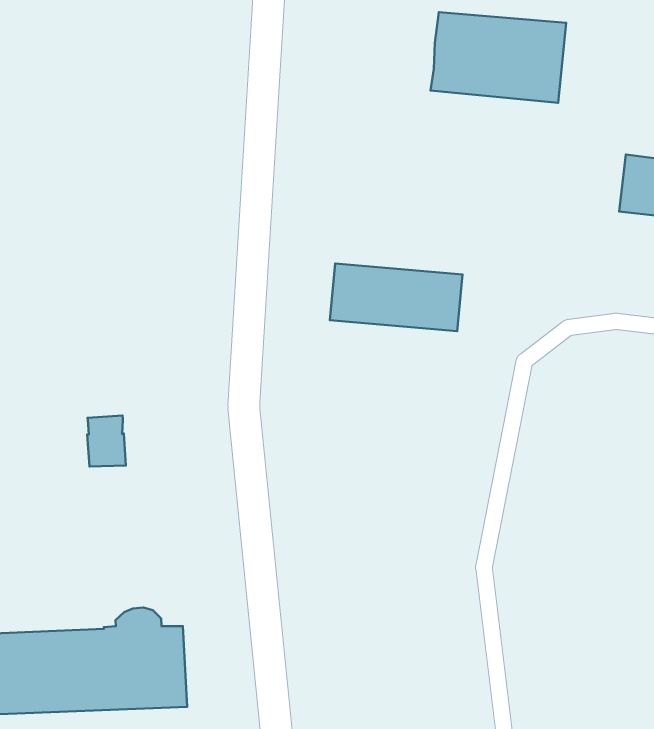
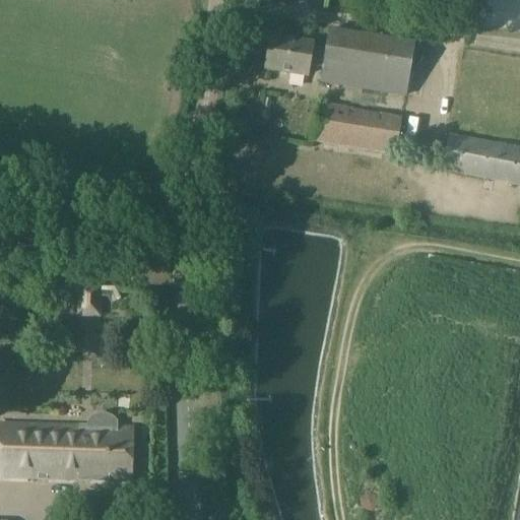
building: none -> [267,36,327,74]
building: [330,264,462,331] -> [313,103,403,153]

